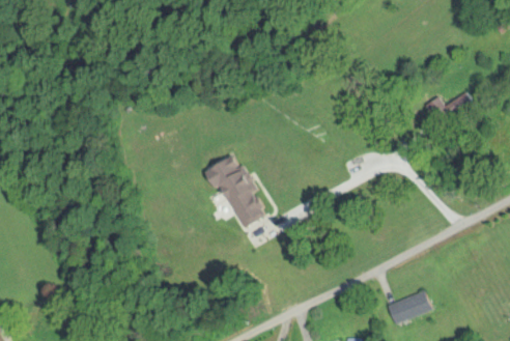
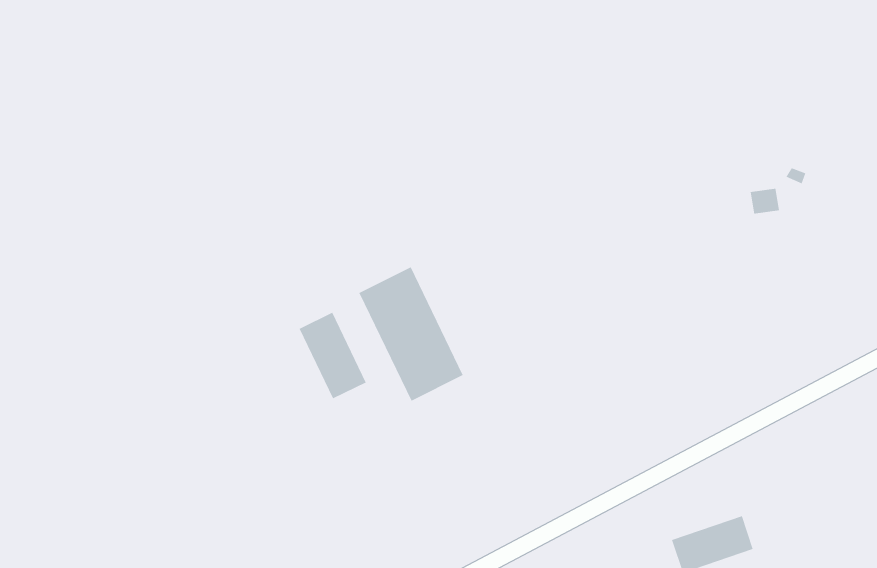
building: none -> [299,312,367,399]

